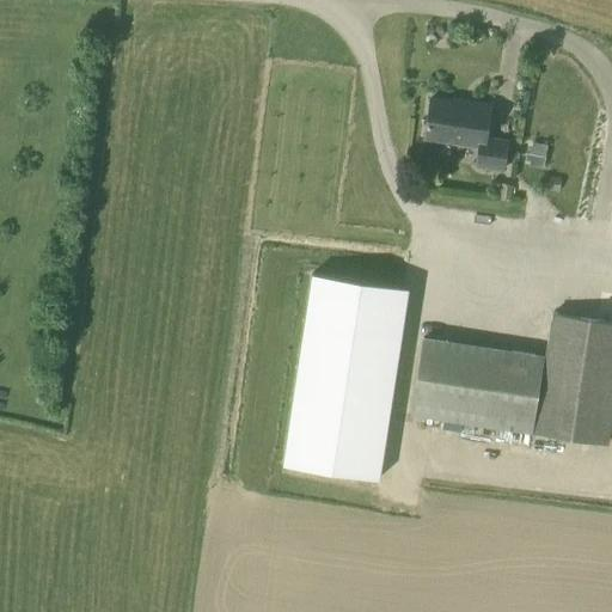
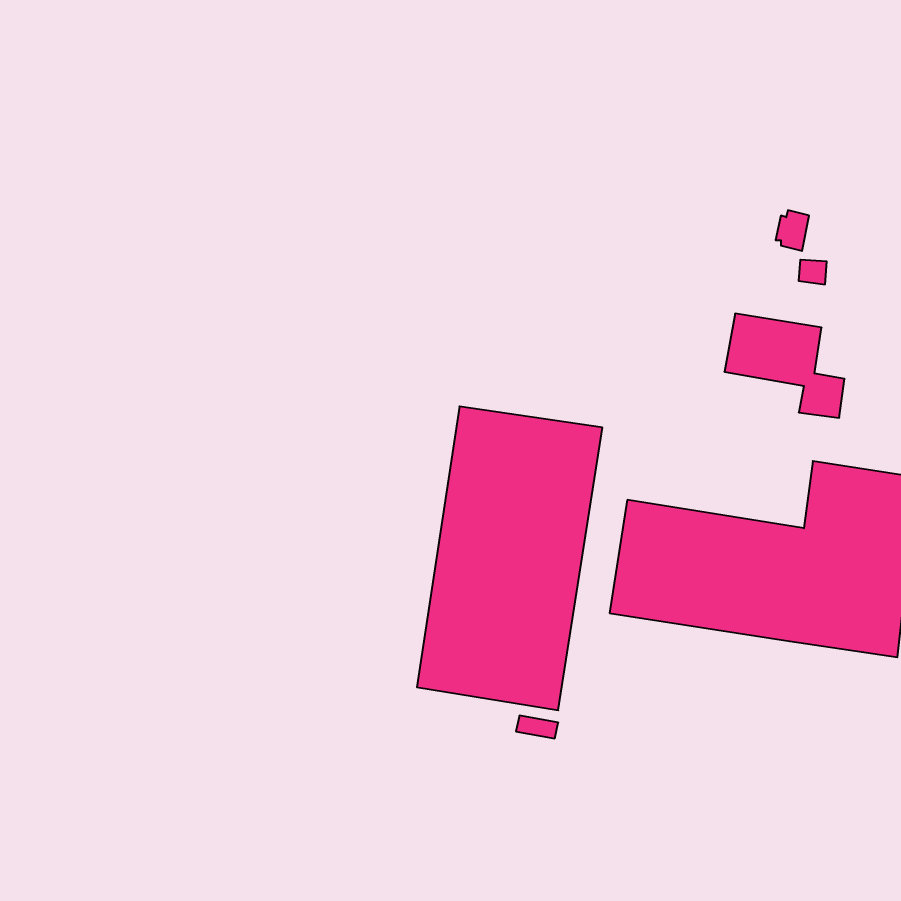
building: [427,100,508,171] -> [724,314,845,418]

